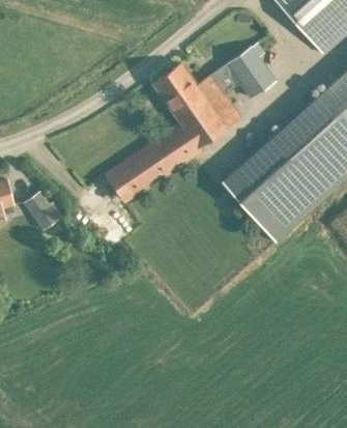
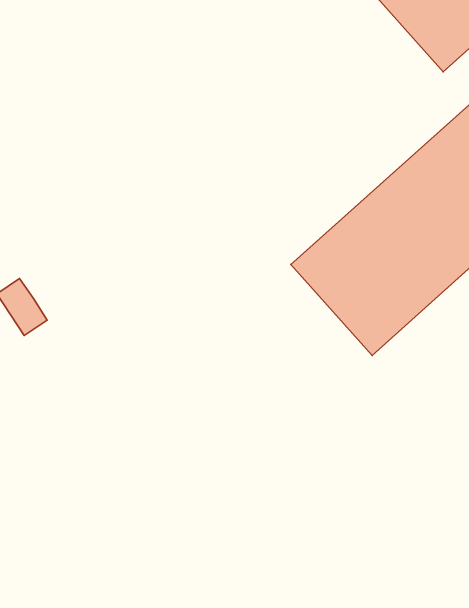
building: [227,41,276,97] -> none
building: [105,62,240,202] -> none

